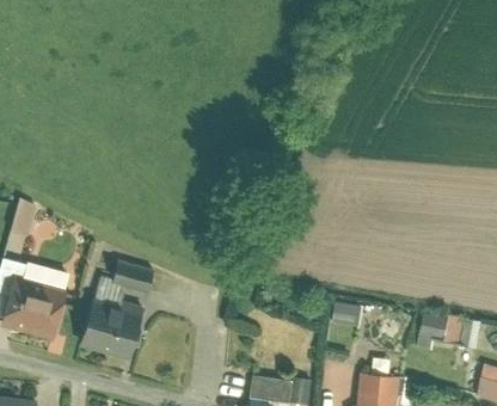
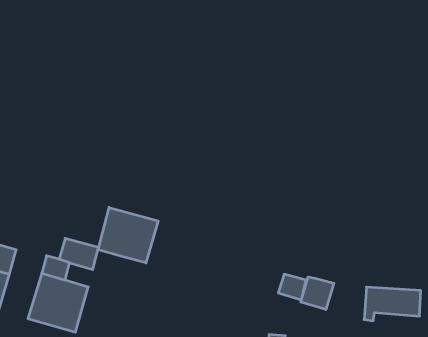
building: none -> [98,207,158,263]
building: none -> [301,277,334,310]

